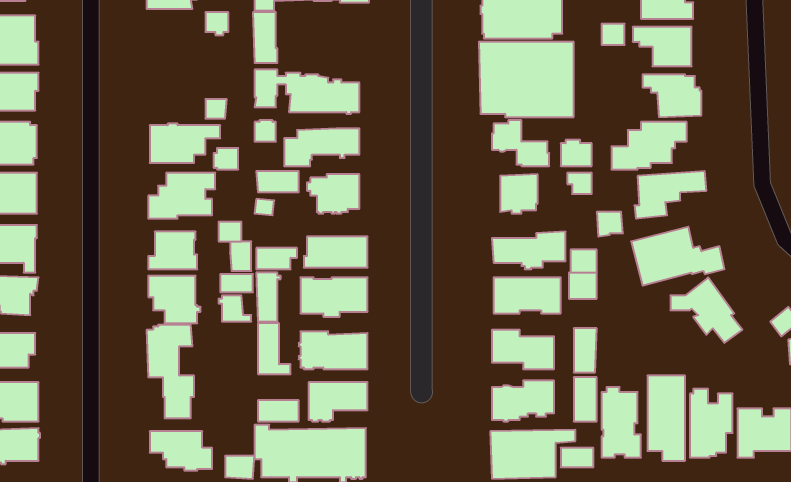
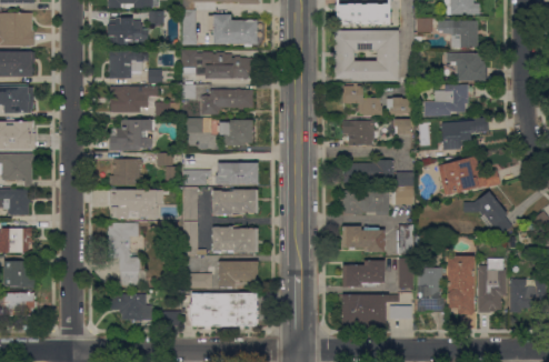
building: none -> [208,14,257,47]
building: none -> [109,19,148,46]
building: none -> [109,51,142,78]

